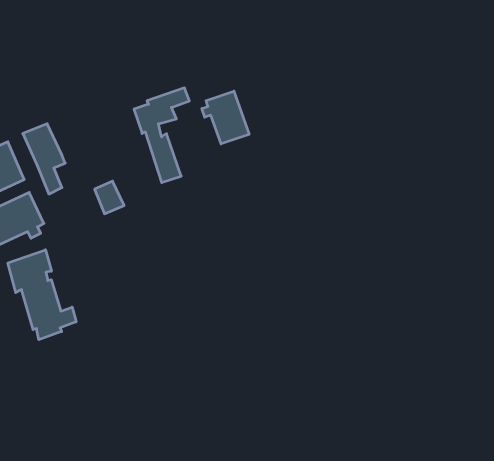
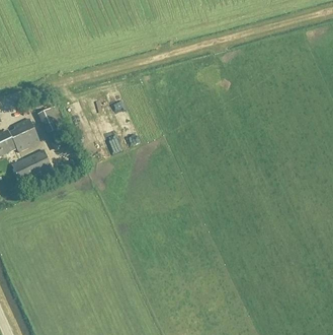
building: [202,91,249,144] -> none
building: [8,250,76,340] -> none

